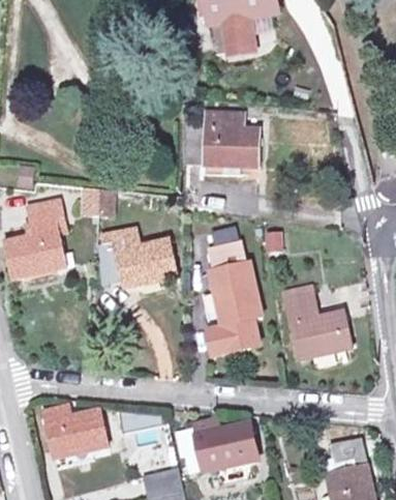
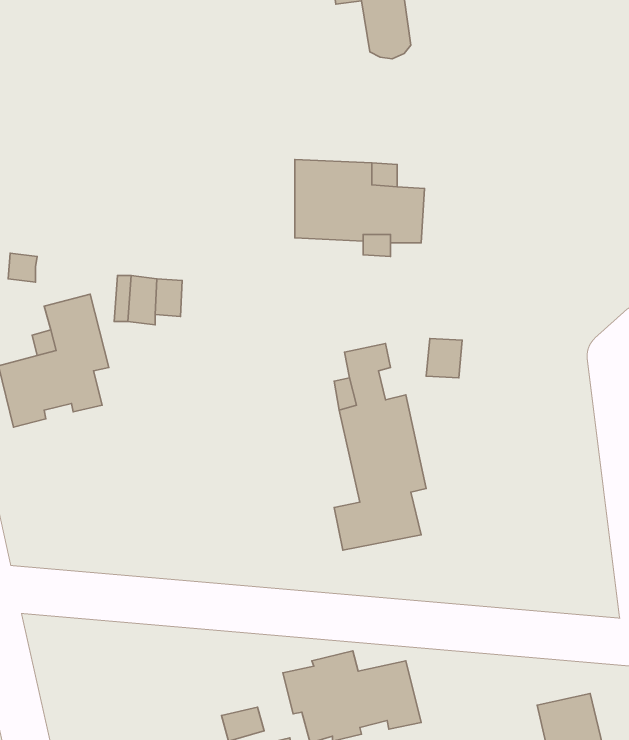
building: [97,234,177,287] -> none
building: [282,282,352,357] -> none
building: [43,404,110,460] -> none

